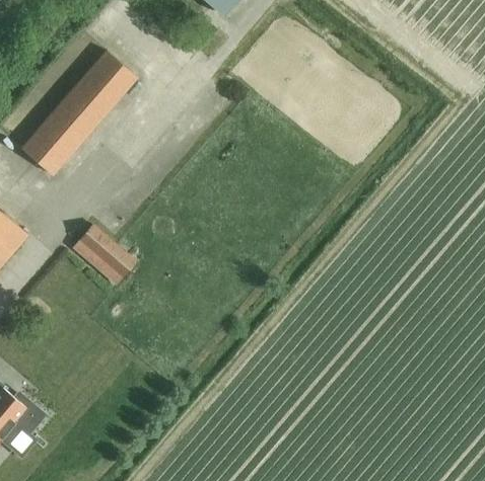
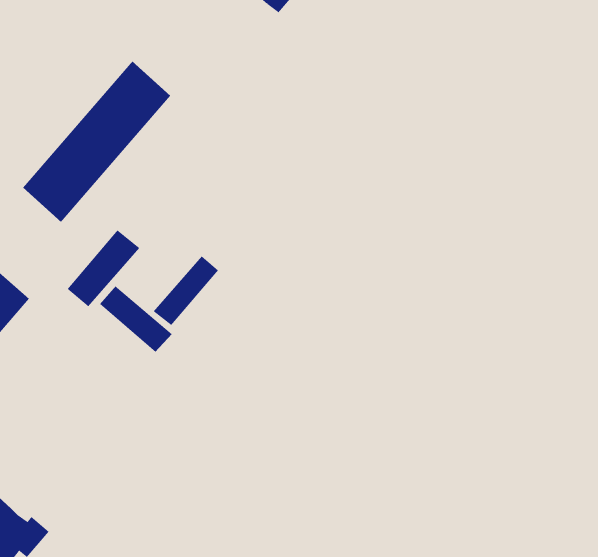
building: none -> [67,230,140,307]
building: none -> [153,256,219,326]

